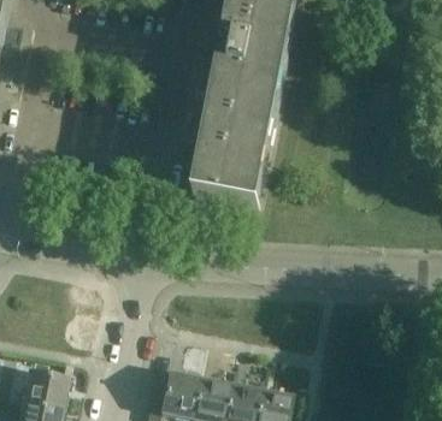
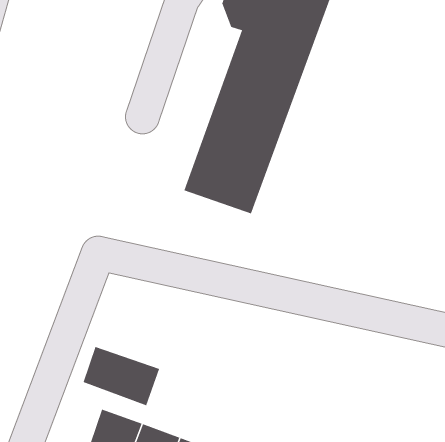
building: none -> [83,346,160,406]

